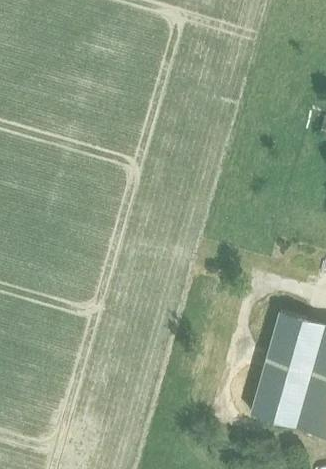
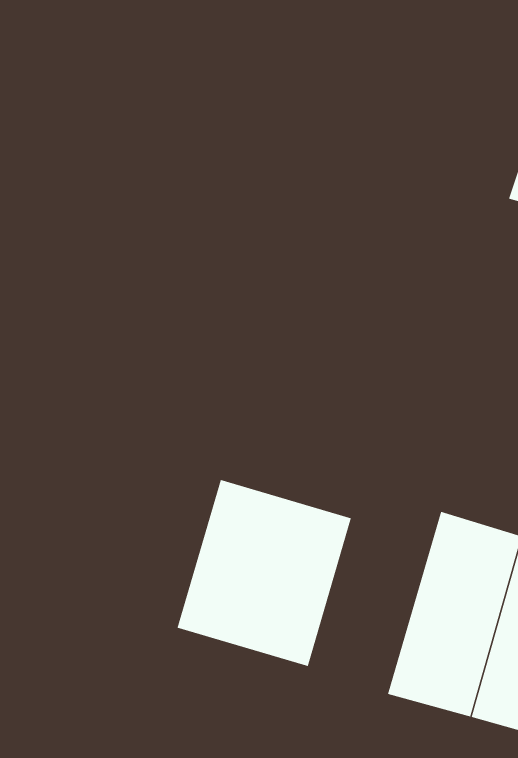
building: none -> [177,479,352,667]

